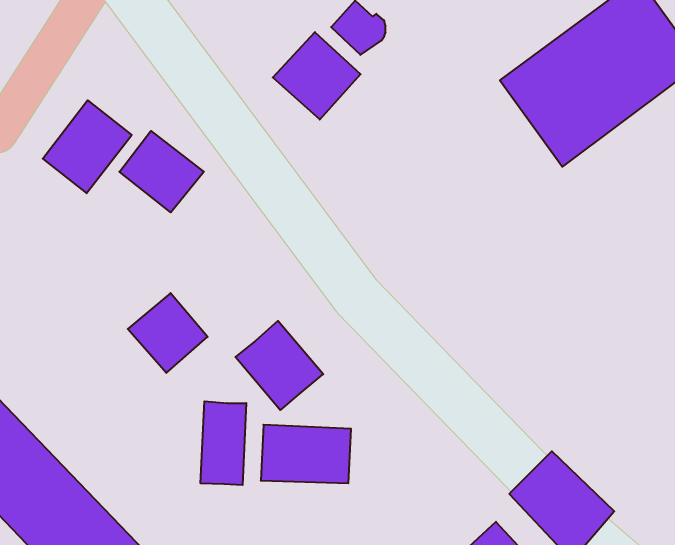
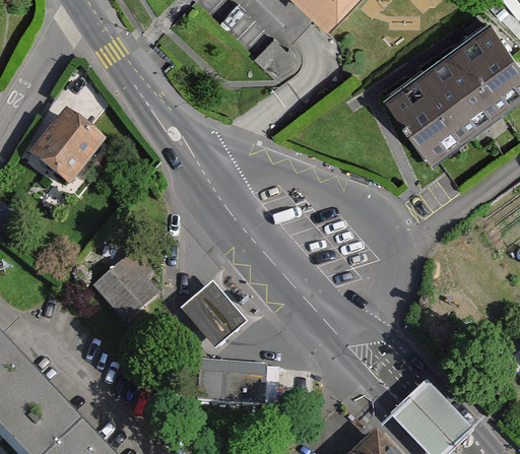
building: [273,32,361,120] -> none
building: [119,131,204,212] -> none
building: [201,401,246,485] -> none

